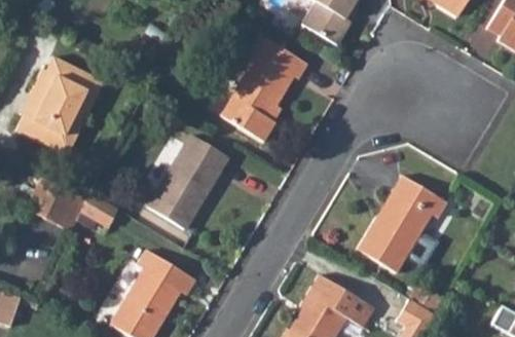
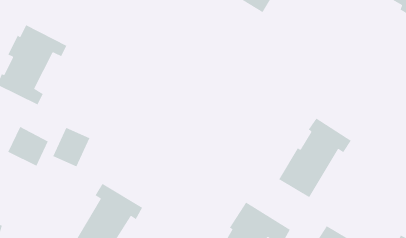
building: [220,36,306,140] -> none
building: [146,136,226,230] -> none

